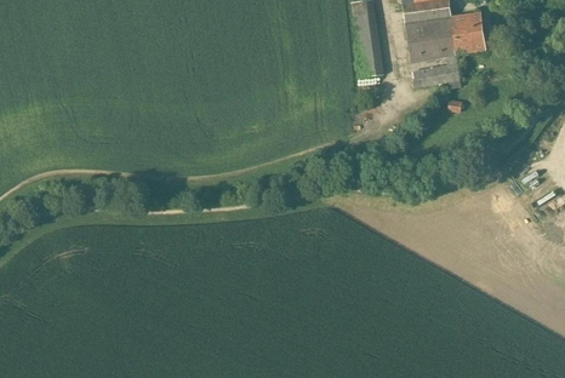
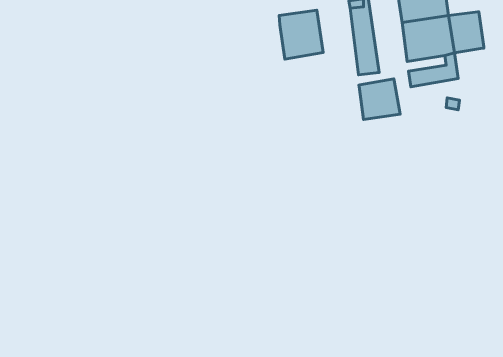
building: none -> [279,10,323,59]
building: none -> [359,79,400,120]

